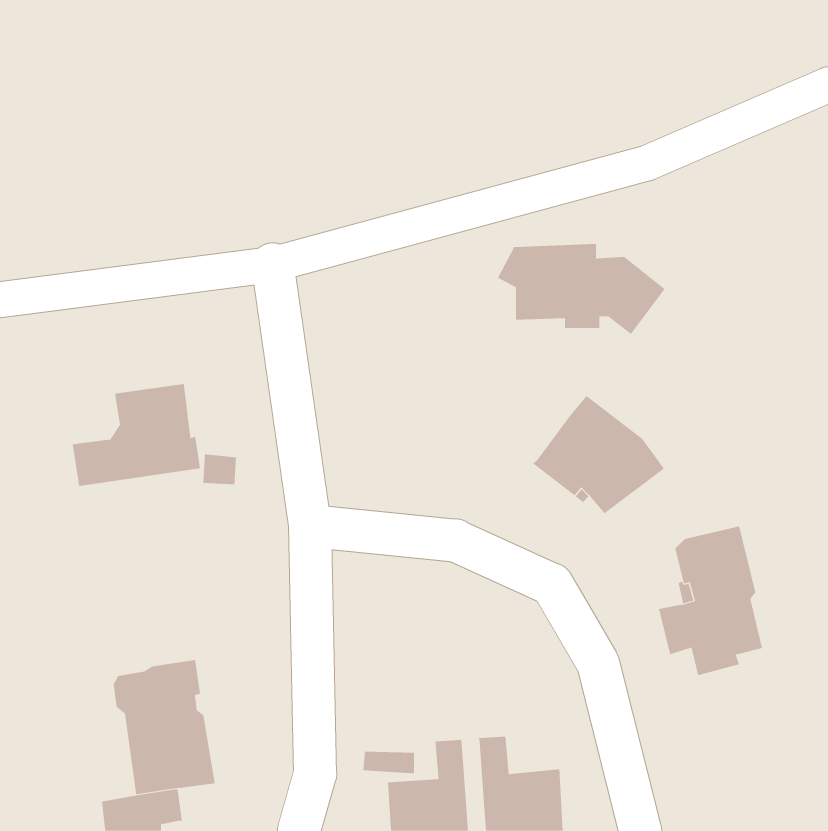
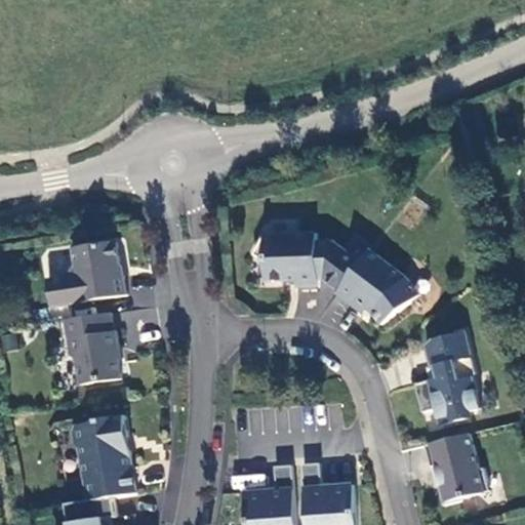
building: [497,244,665,335] -> [252,232,358,289]
building: none -> [65,312,120,385]
building: none -> [423,433,488,504]

